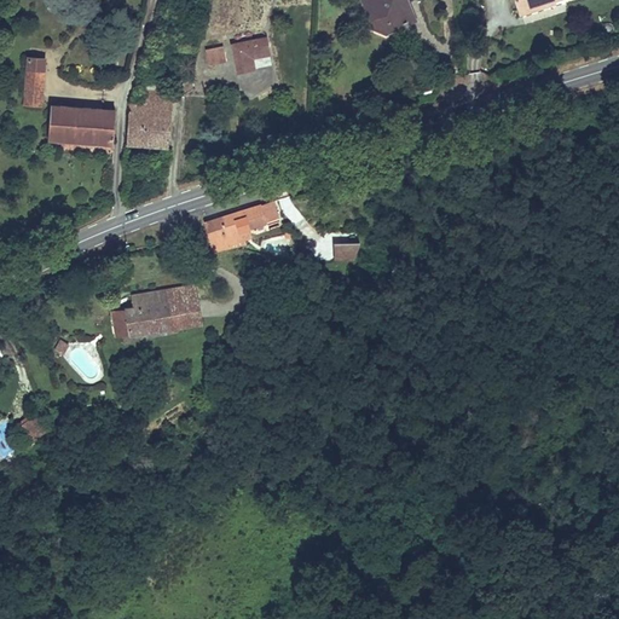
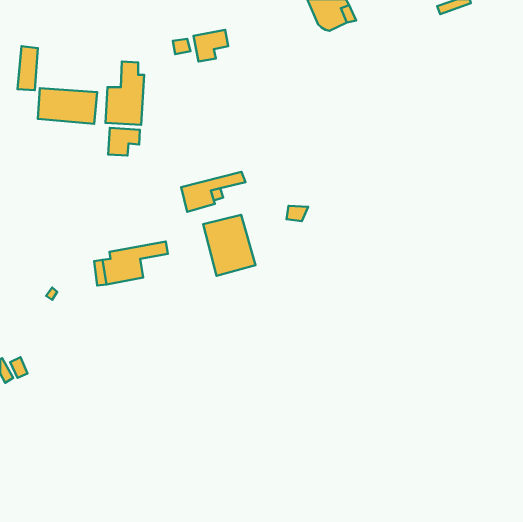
building: none -> [108,128,140,156]
building: none -> [203,215,256,276]
building: [166,300,202,328] -> none

